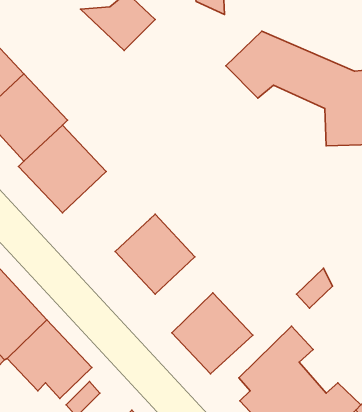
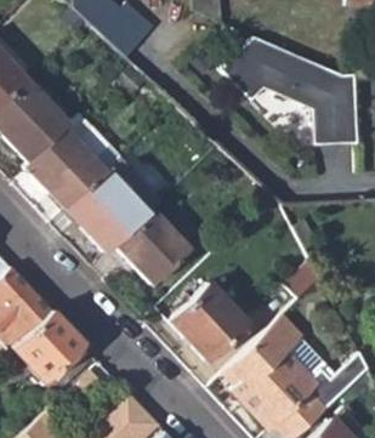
building: none -> [67,170,149,252]

